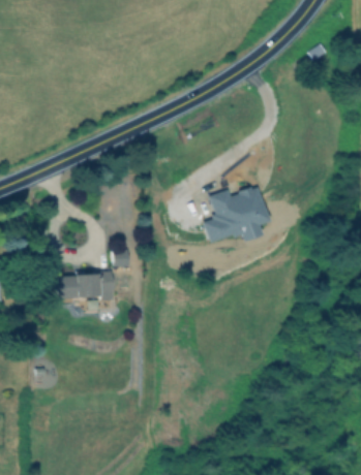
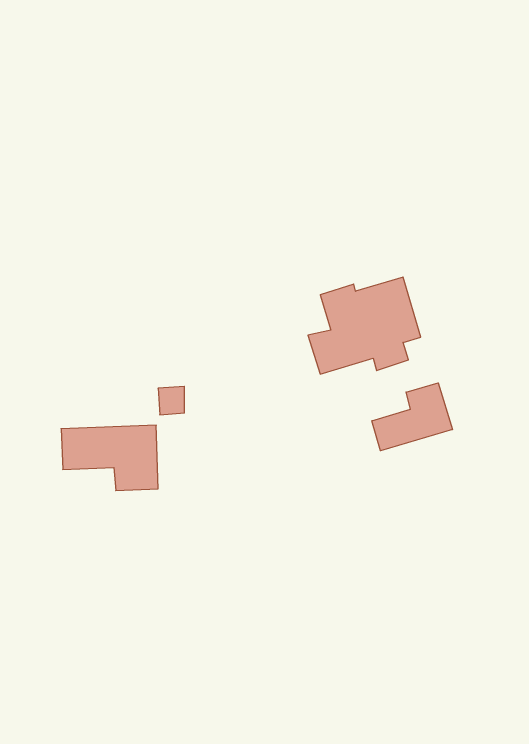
building: none -> [372,383,452,451]

